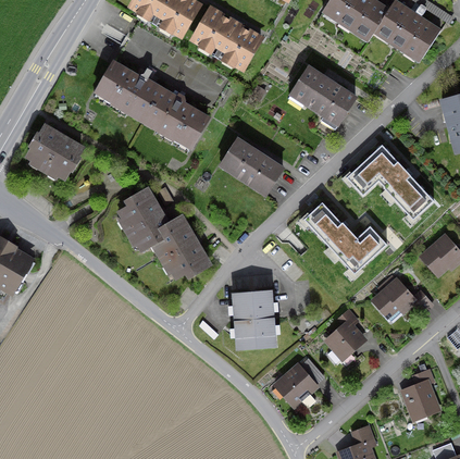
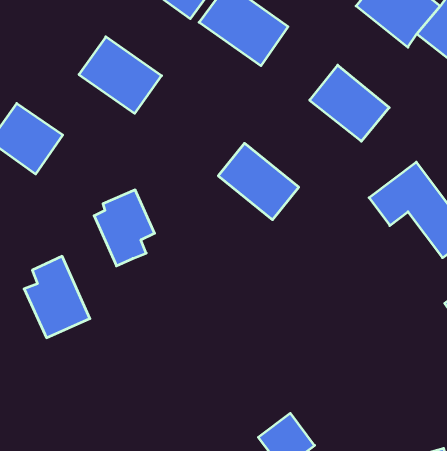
building: [142,88,210,149] -> none
building: [303,199,389,276] -> none
building: [152,213,210,283] -> [24,256,90,338]
building: [371,277,417,322] -> none
building: [232,288,276,349] -> none
building: [323,318,365,360] -> none

